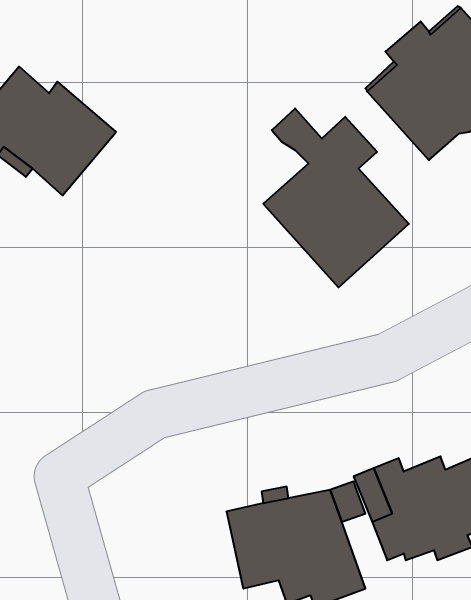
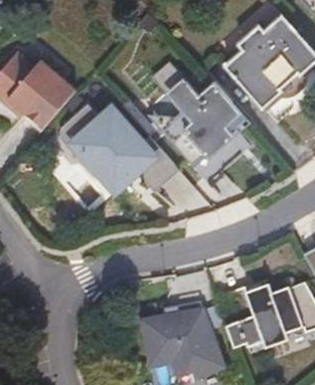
building: none -> [58,105,179,193]

